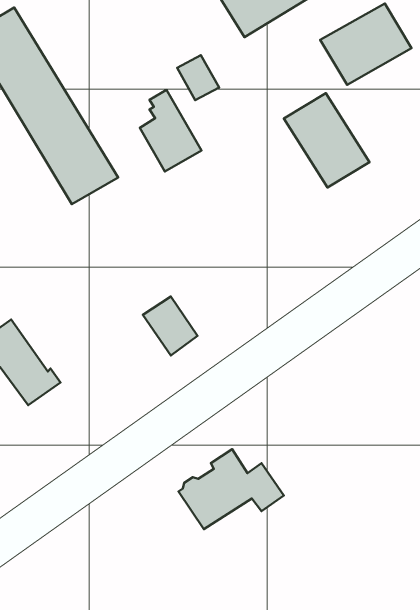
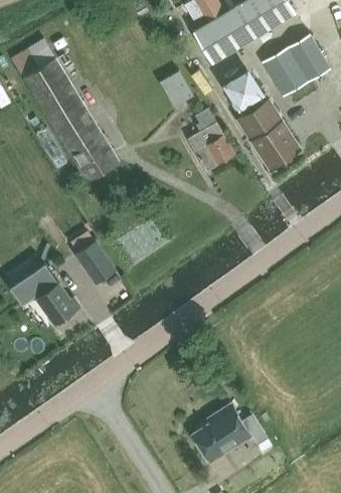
building: none -> [222,69,266,113]
building: [140,90,202,171] -> [189,112,233,170]
building: [143,297,197,356] -> [76,243,116,286]
building: [179,449,284,529] -> [191,406,267,464]

